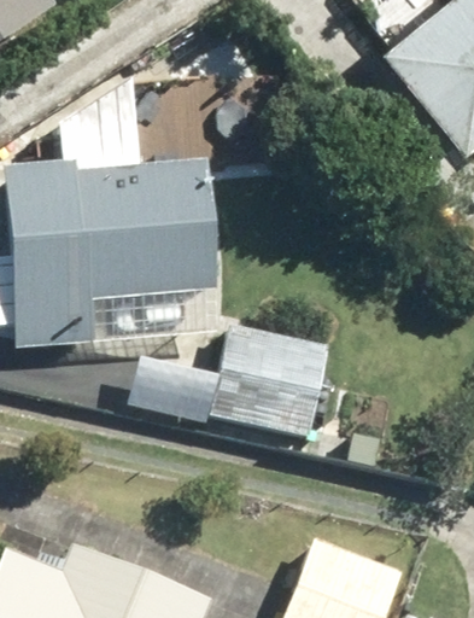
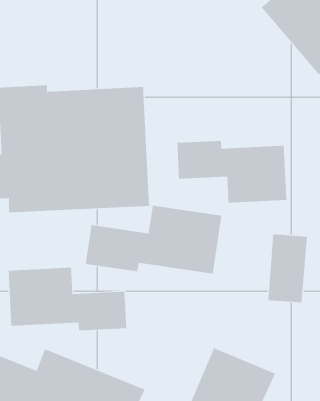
building: none -> [177,140,287,203]
building: none -> [8,267,127,331]

